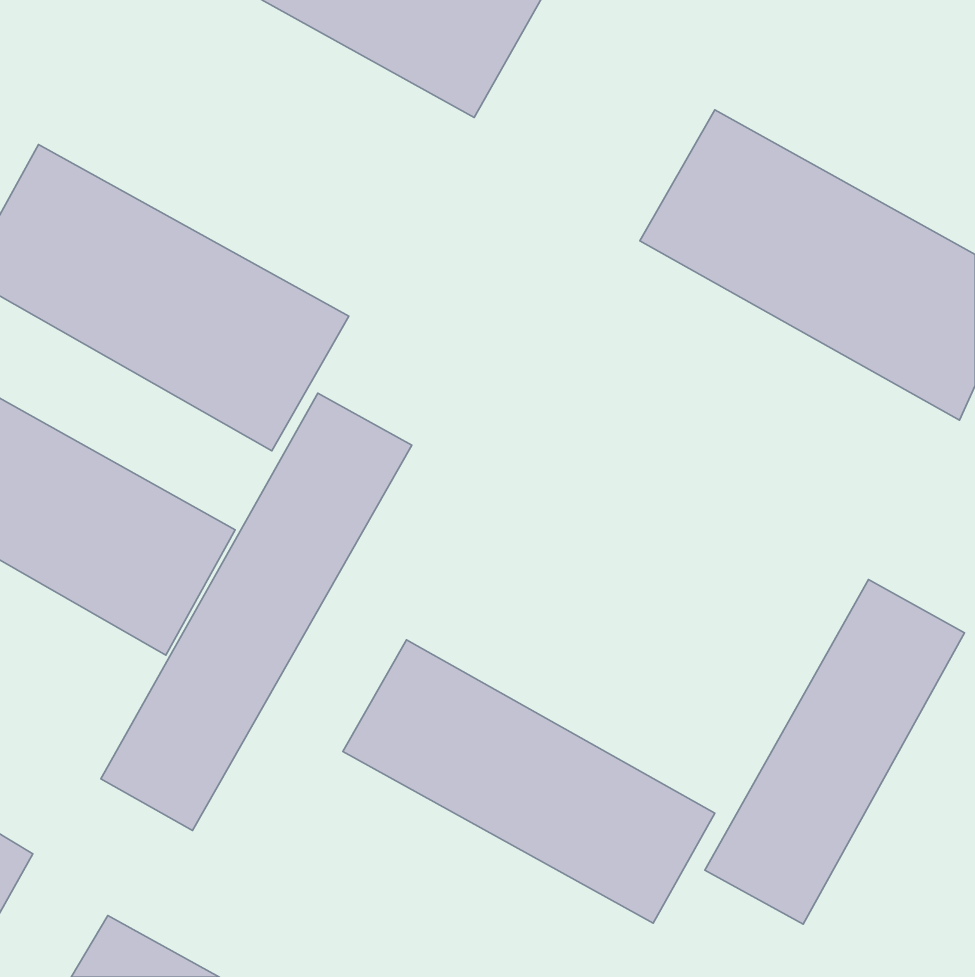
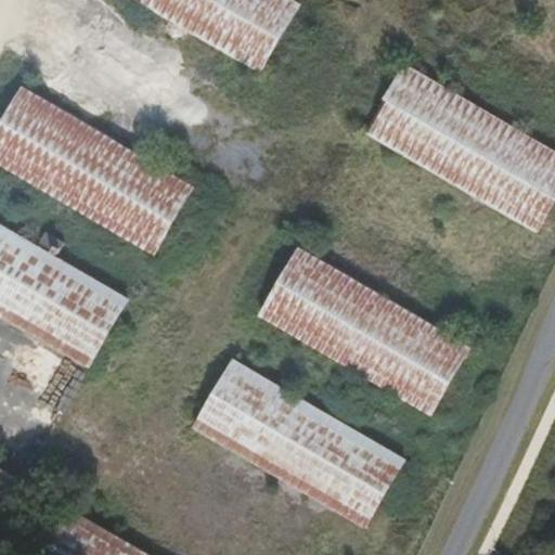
building: [101,393,412,831] -> none
building: none -> [253,245,472,415]
building: [705,579,965,924] -> none

